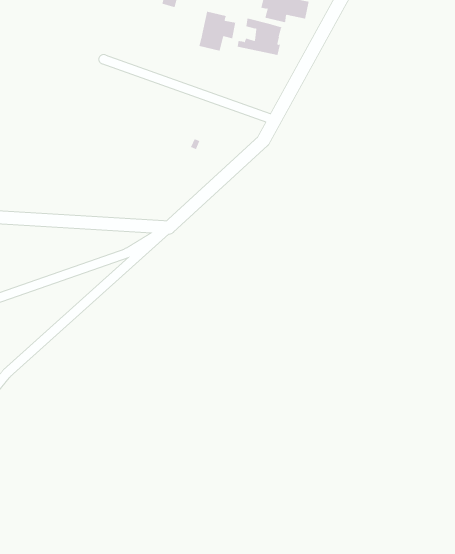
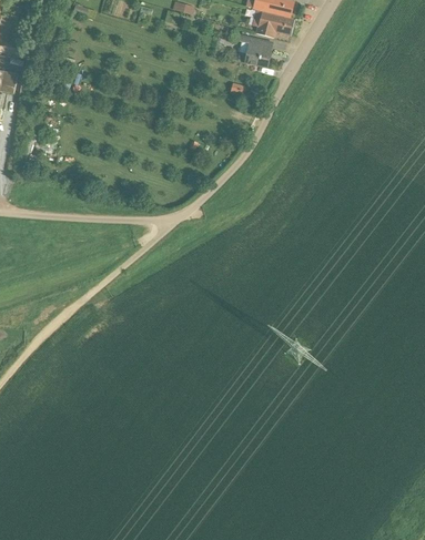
building: [199,11,236,52] -> none

